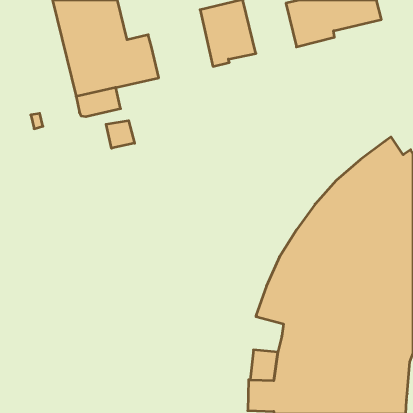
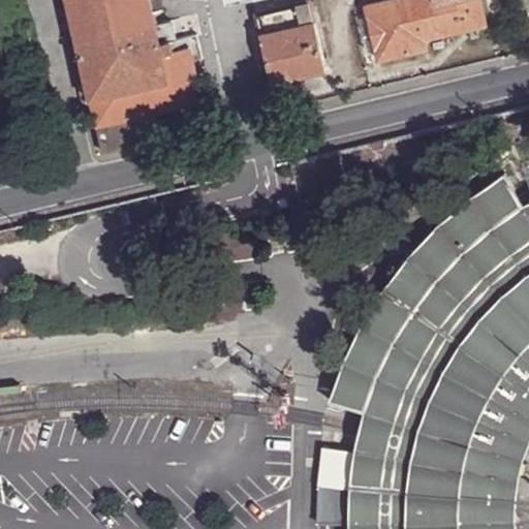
building: [106,121,135,148] -> none

